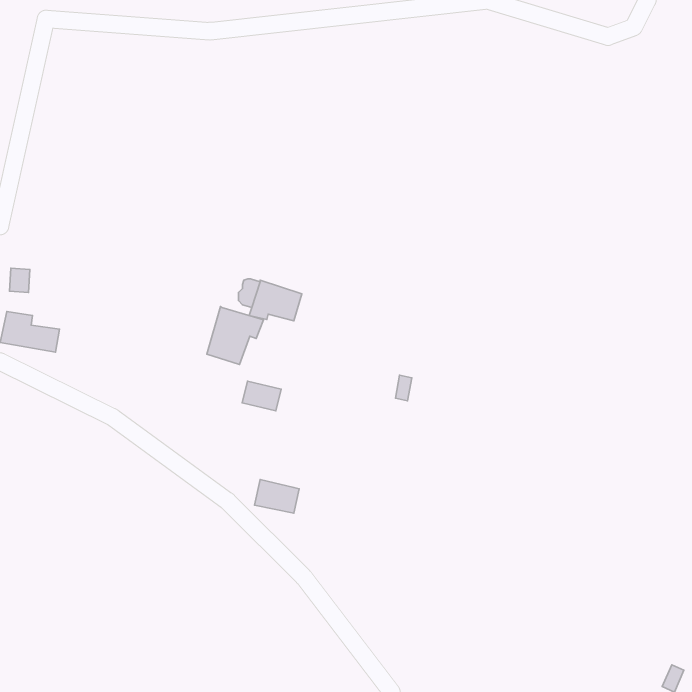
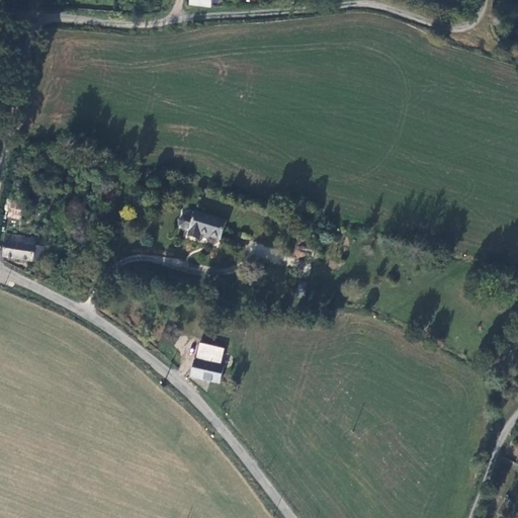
building: [207,306,264,364] -> none
building: [242,381,281,411] -> [194,342,224,364]

